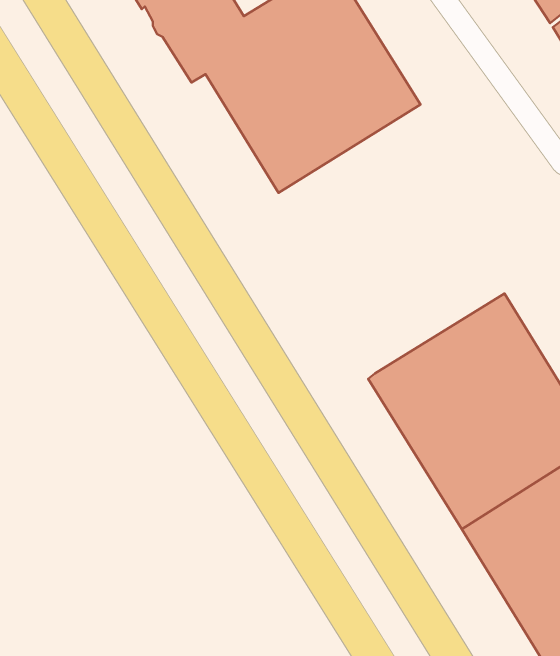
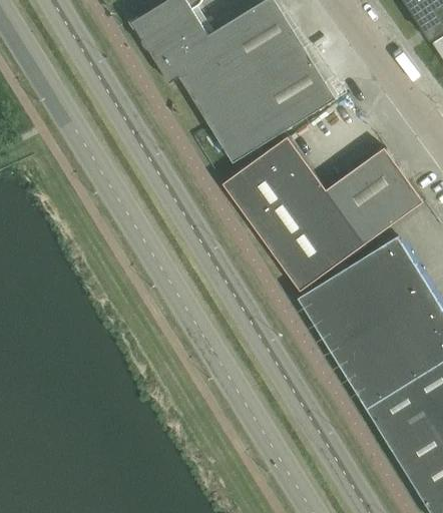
building: none -> [224,137,424,292]

